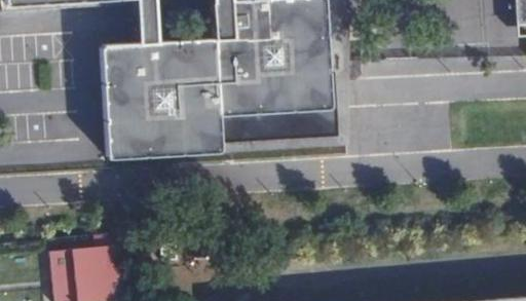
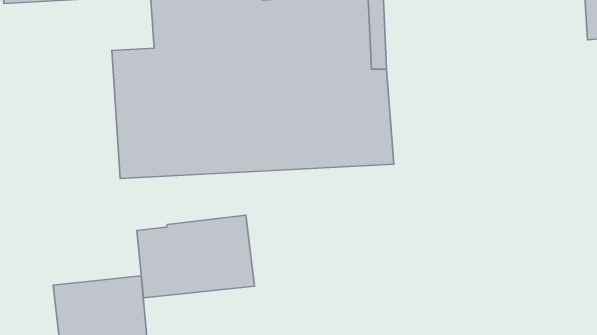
building: none -> [137,215,255,298]

